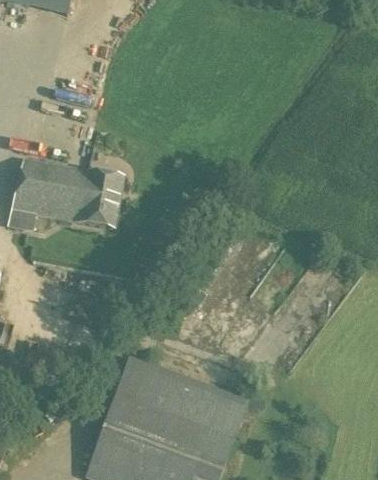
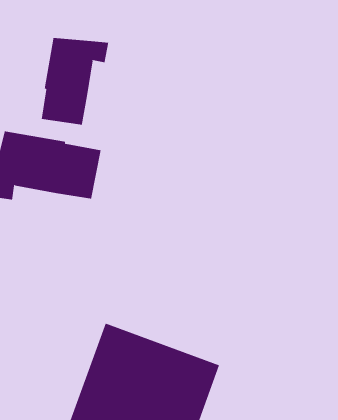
building: none -> [41,37,109,126]

